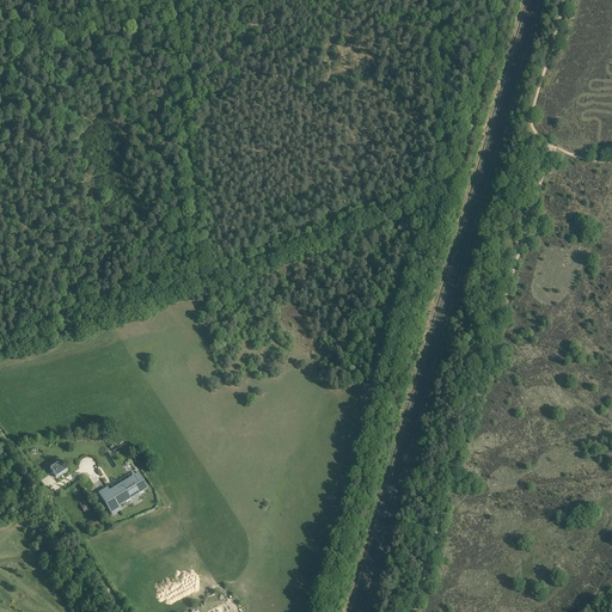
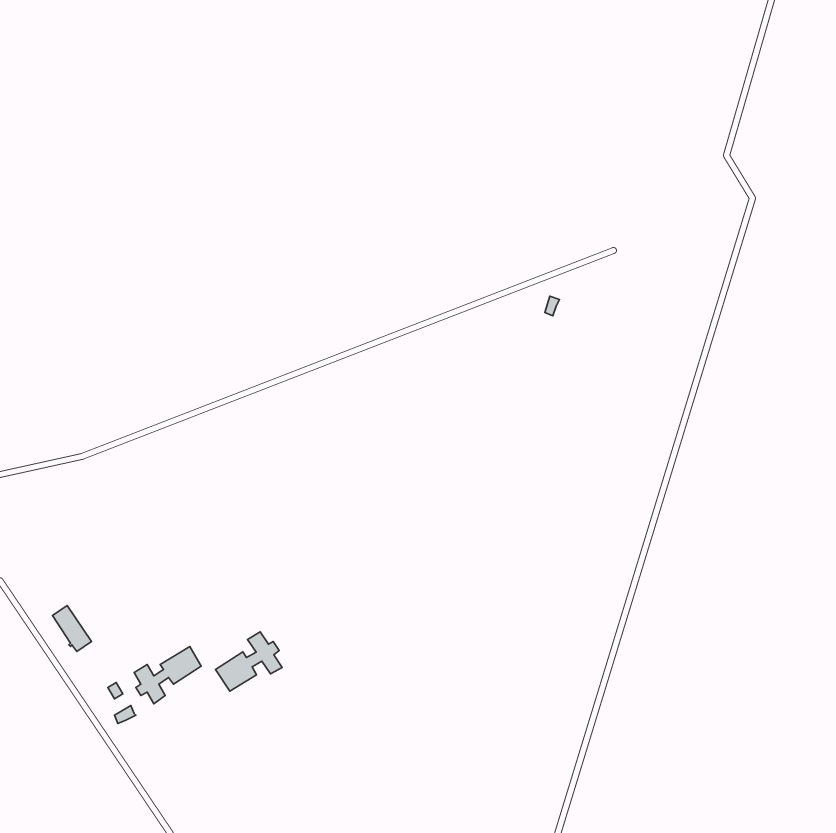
building: none -> [215,632,282,691]

